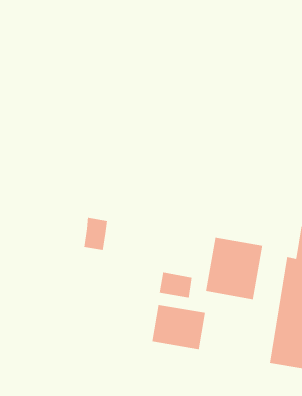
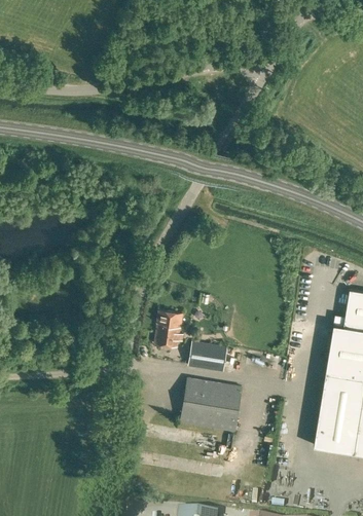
building: [84,217,108,251] -> [154,310,182,348]
building: [205,237,263,300] -> none

